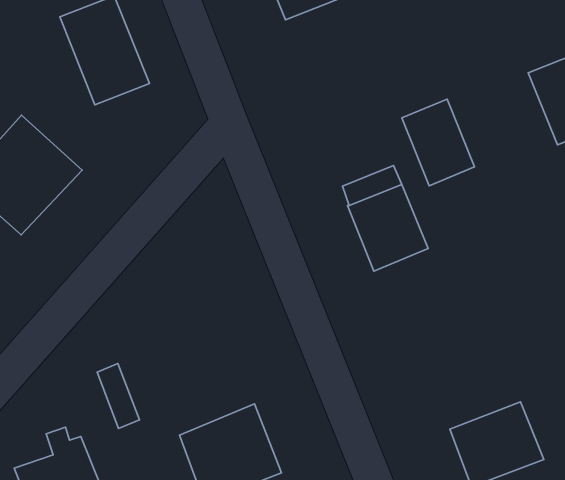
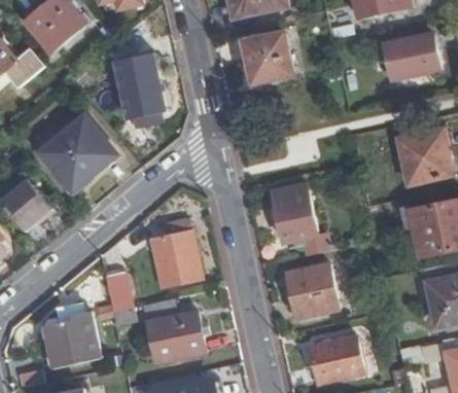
building: [402,99,474,186] -> none
building: none -> [150,220,201,287]
building: none -> [287,265,338,318]

